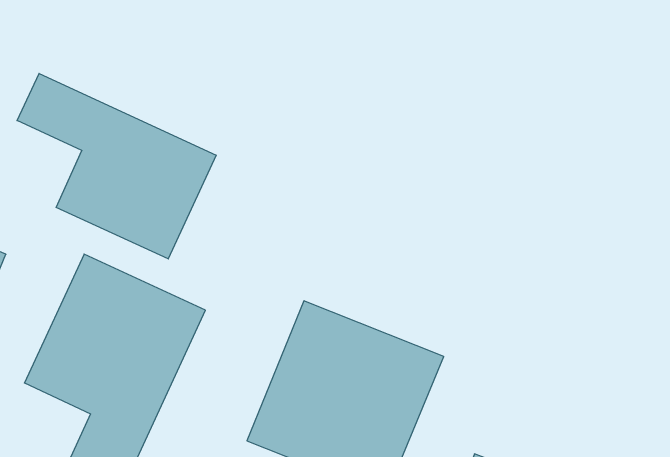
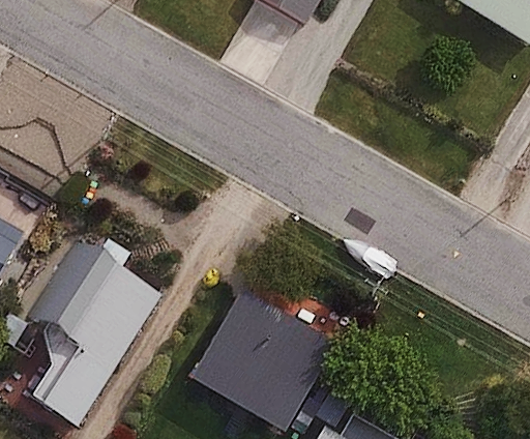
building: [17,73,216,259] -> none

